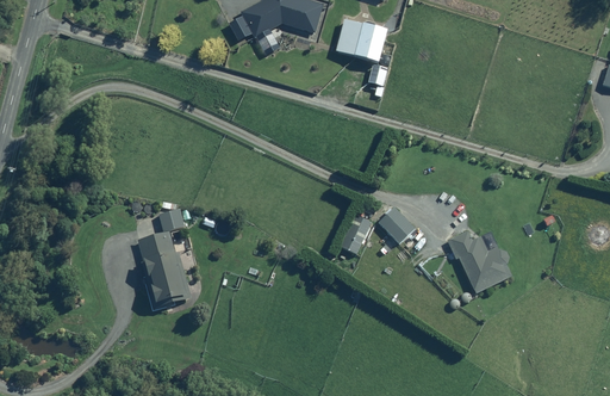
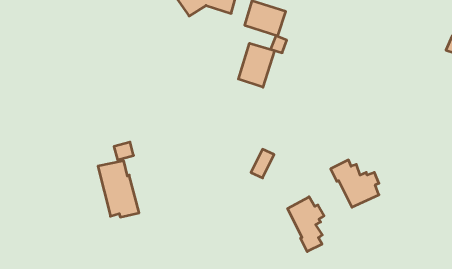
building: none -> [238,43,274,87]
building: [379,205,416,247] -> none
building: none -> [288,197,324,252]

